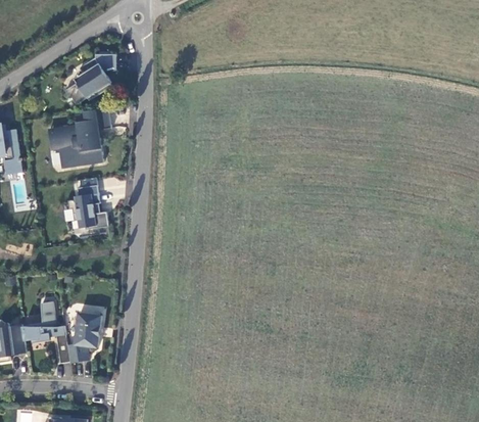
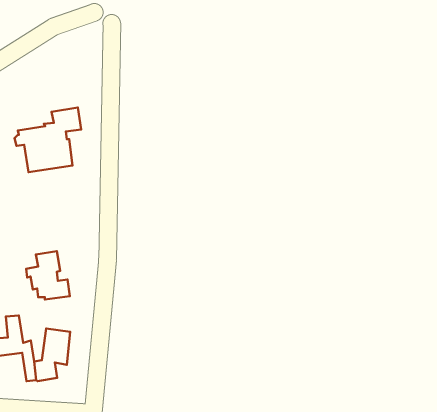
building: [63,51,114,104] -> none
building: [66,184,107,229] -> [26,251,70,299]

